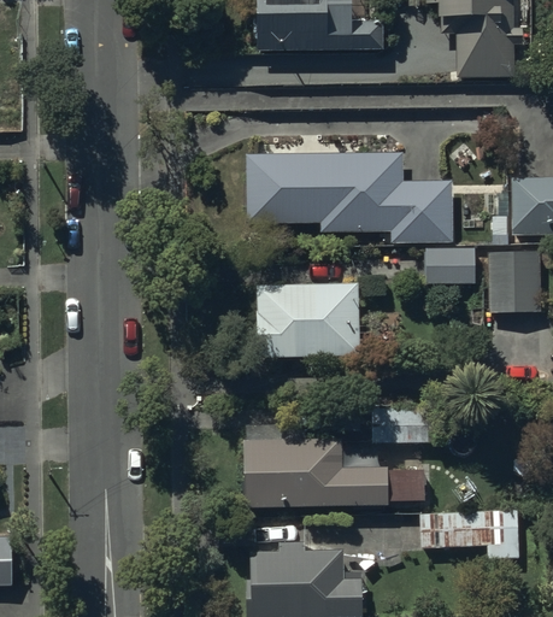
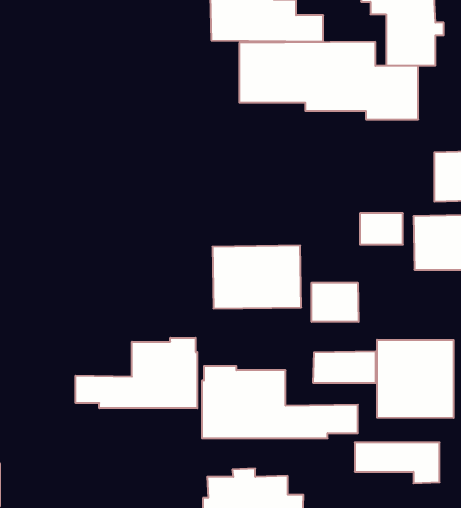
building: [245,152,451,241] -> [239,42,418,119]
building: none -> [312,283,359,322]
building: none -> [76,338,197,408]
building: none -> [377,340,454,418]

